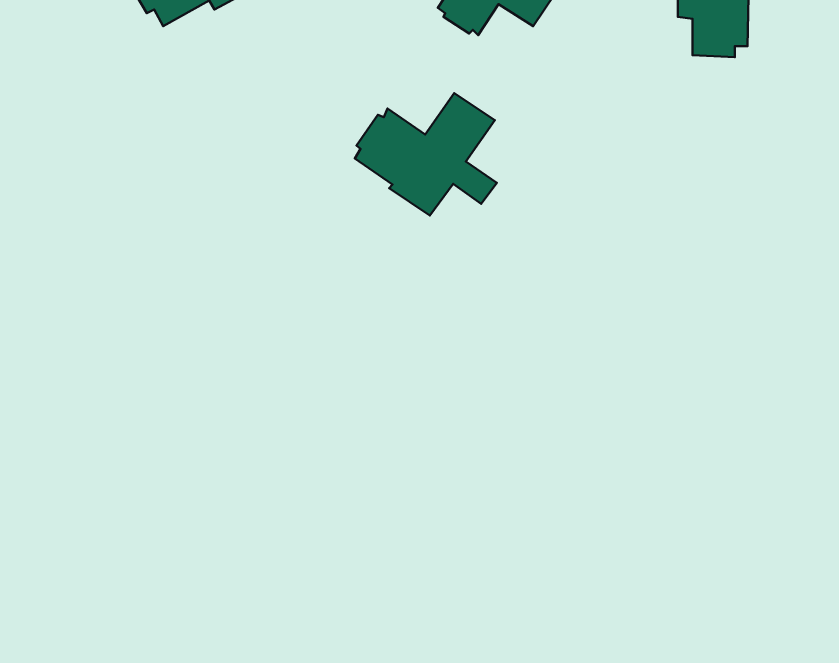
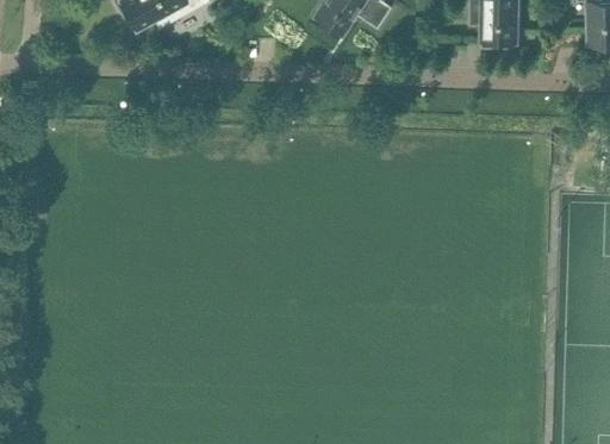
building: [355,93,497,215] -> none

